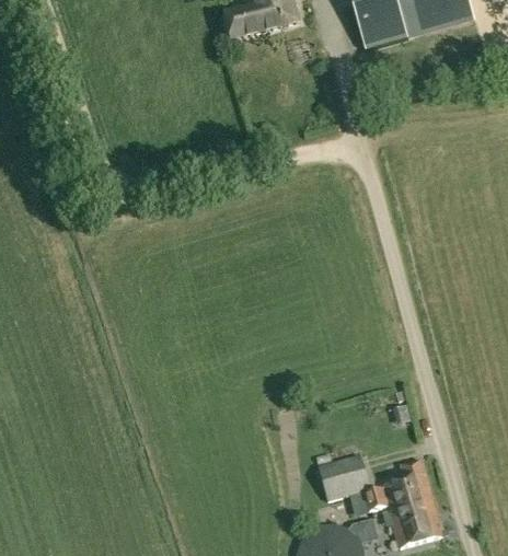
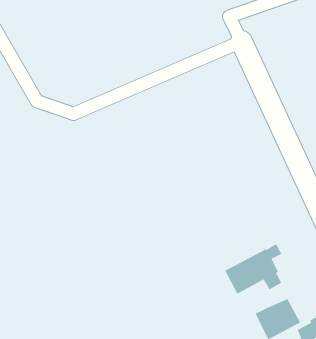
building: none -> [224,243,282,294]

